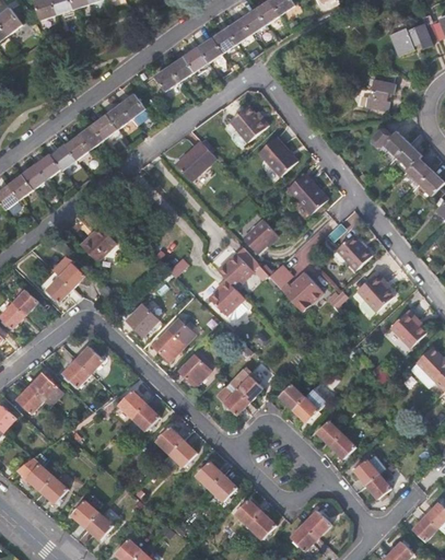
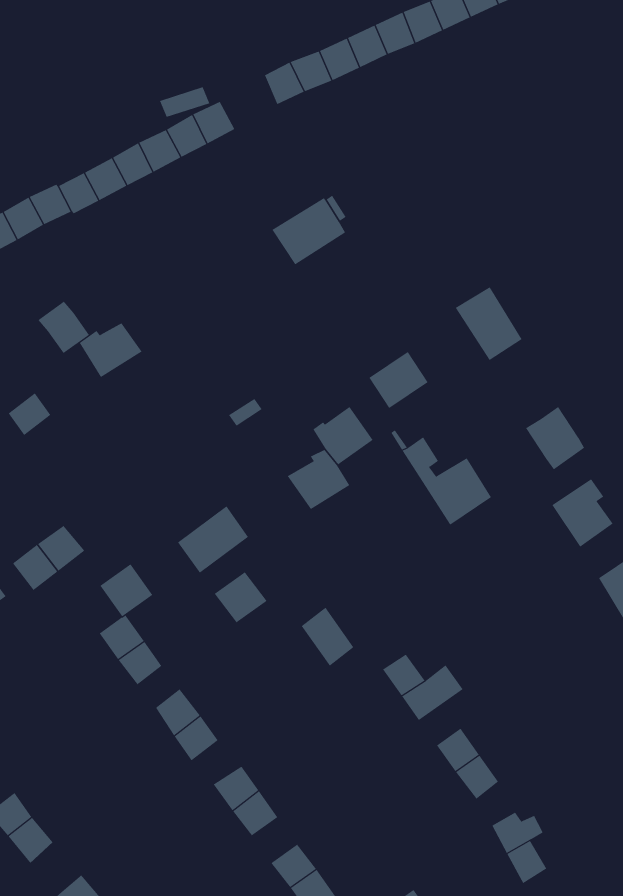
building: [226,104,266,141] -> none
building: [256,136,295,175] -> none
building: [54,255,84,284] -> [37,301,90,354]
building: [126,302,156,332] -> [99,563,153,617]
building: [216,378,249,411] -> none

